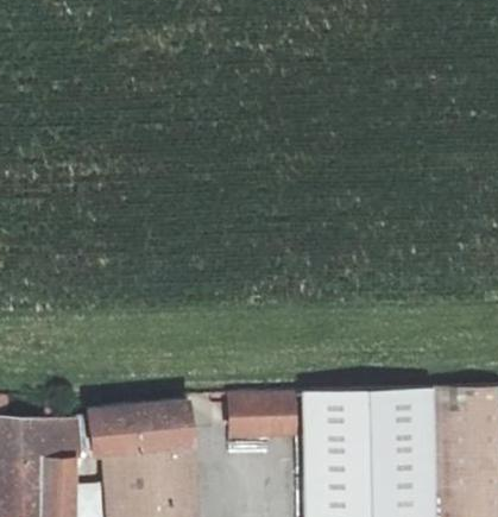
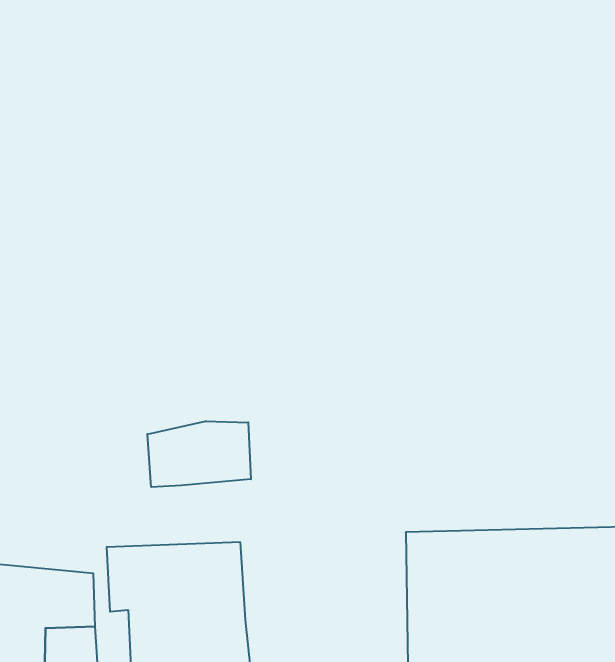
building: none -> [147,421,251,487]
building: [228,393,294,439] -> none

